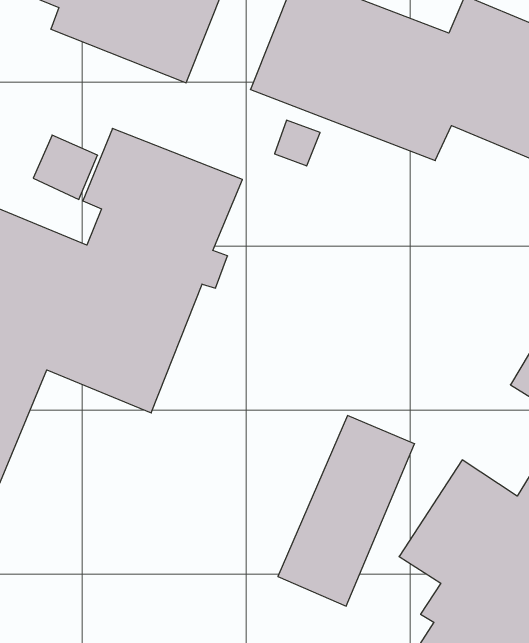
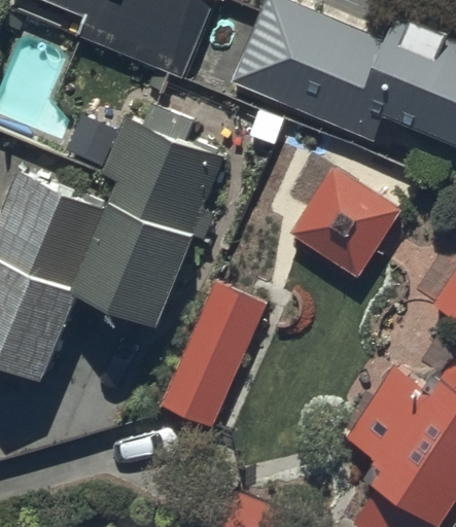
building: none -> [290,166,401,277]
building: [278,416,415,606] -> [162,278,267,424]

